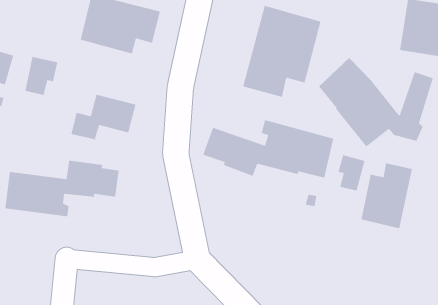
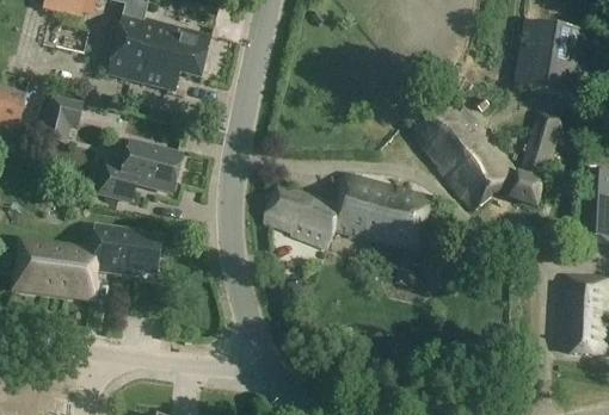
building: [242,5,321,98] -> none
building: [338,154,366,191] -> none
building: [361,162,413,229] -> none

